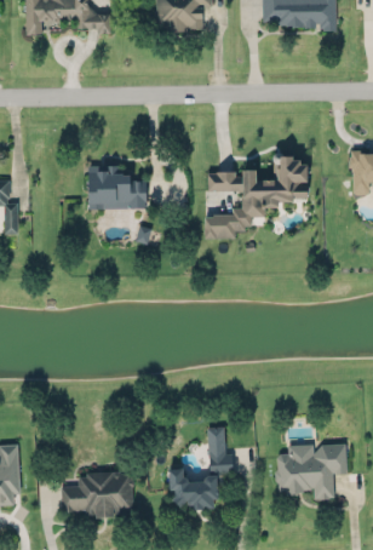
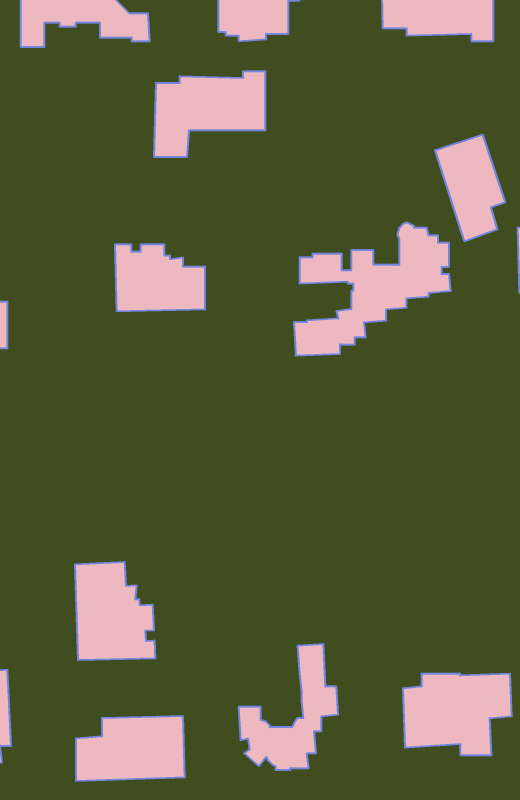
building: none -> [154,71,265,157]
building: none -> [435,135,505,241]
building: none -> [75,562,155,660]

